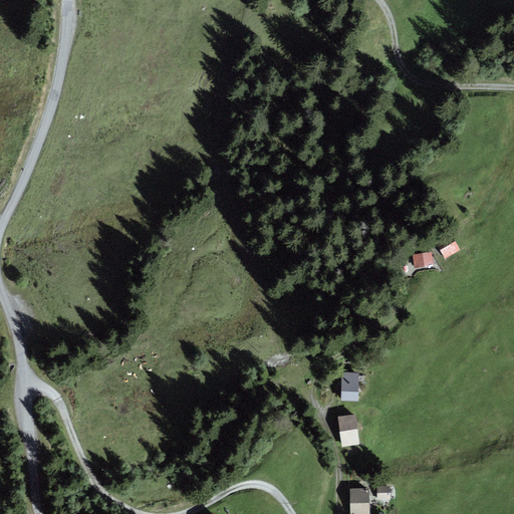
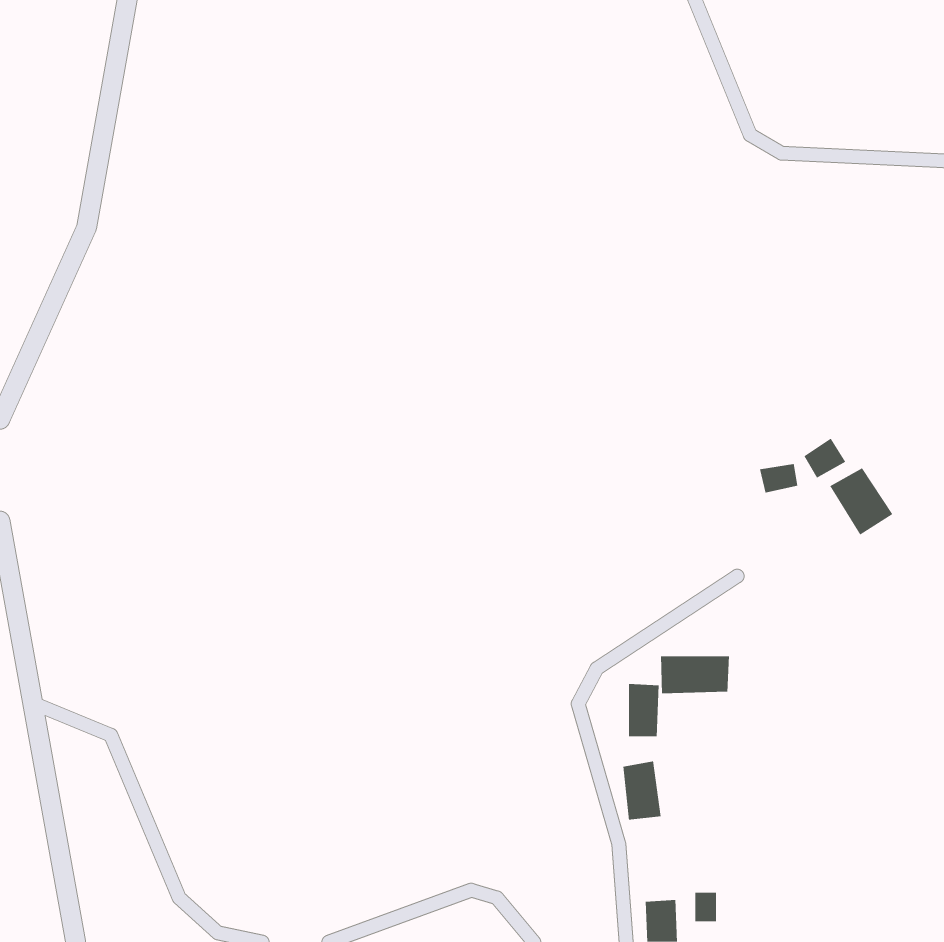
building: none -> [829,468,893,536]
building: none -> [660,655,729,694]

